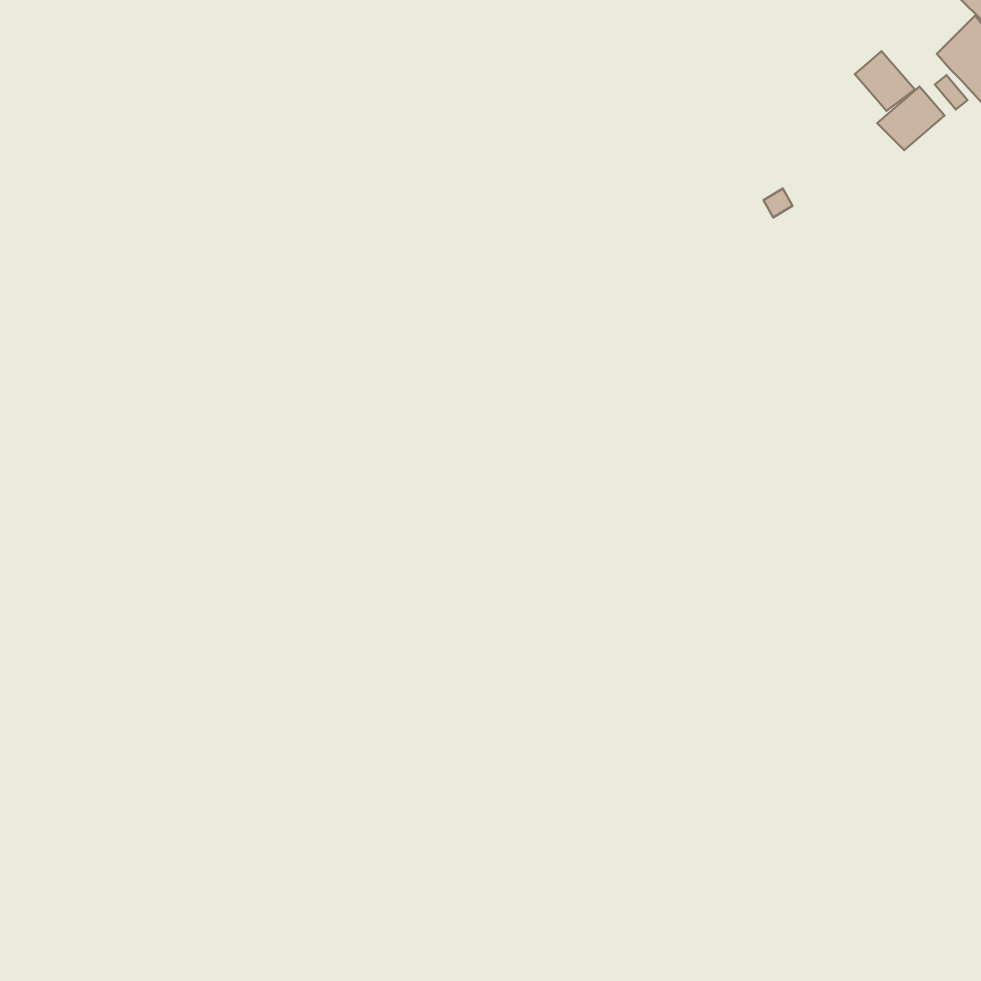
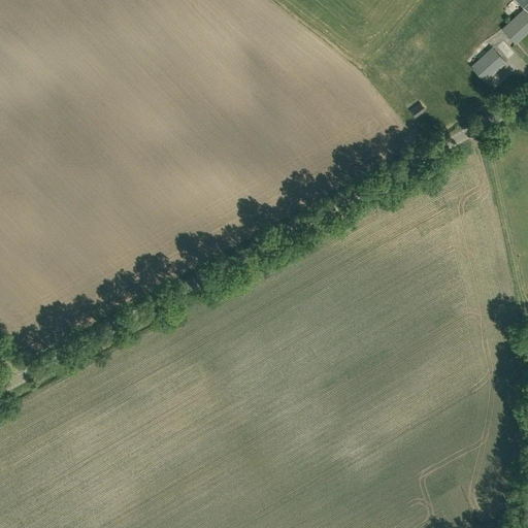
building: [855,51,915,111] -> none

